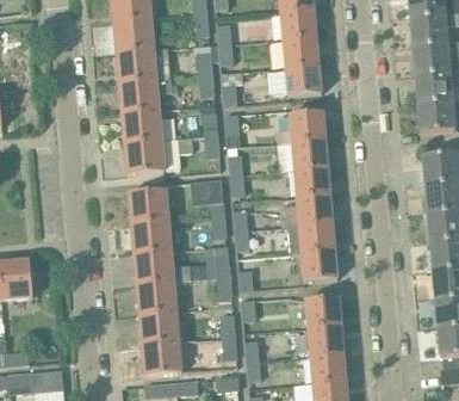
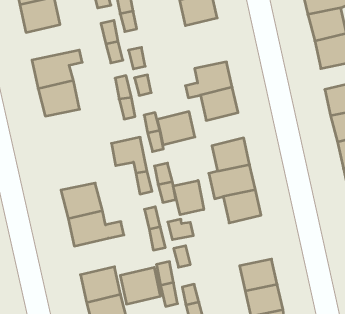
building: [116,47,169,81] -> none
building: [284,63,321,95] -> none
building: [124,140,163,173] -> none
building: [292,166,329,197] -> [157,112,195,145]
building: [128,189,167,222] -> none
building: none -> [173,180,204,215]
building: [136,279,175,314] -> [120,267,161,304]
building: [304,296,341,327] -> none

